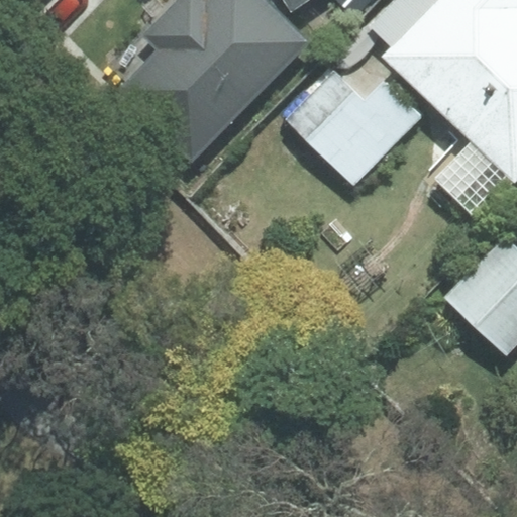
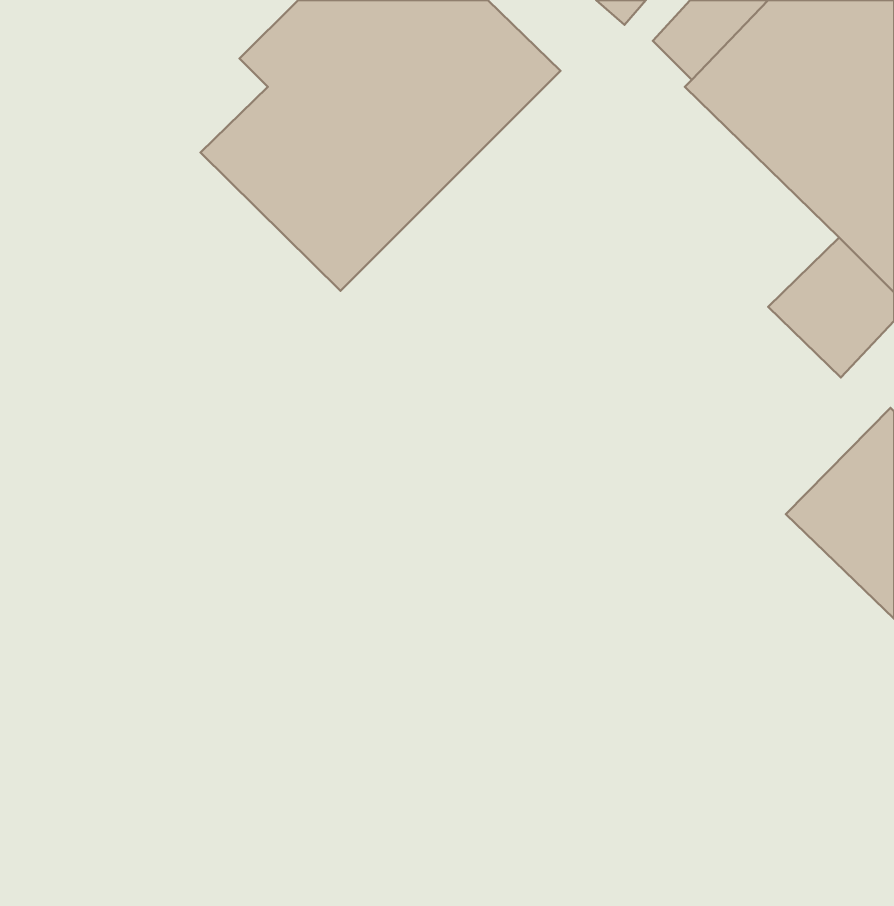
building: [287,67,421,184] -> none

